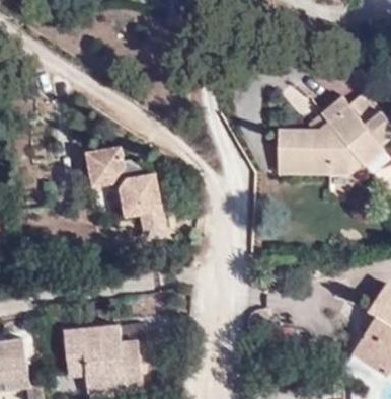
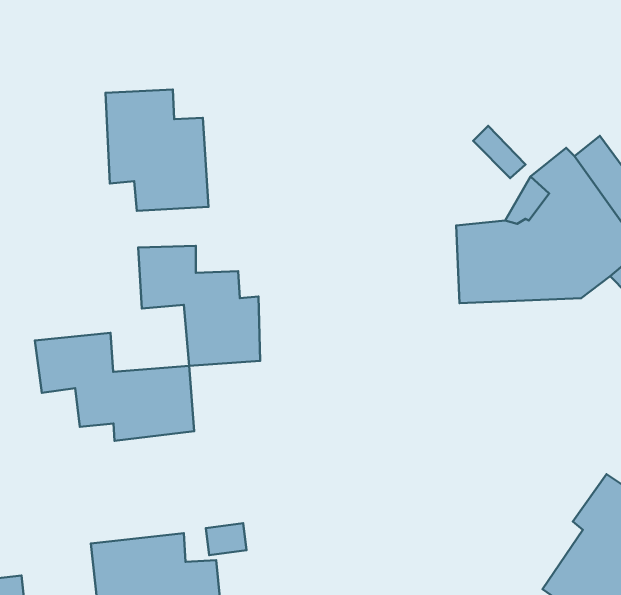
building: none -> [106,90,208,211]
building: none -> [35,333,194,441]

